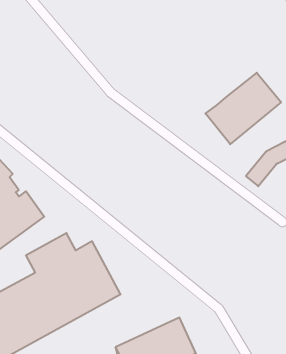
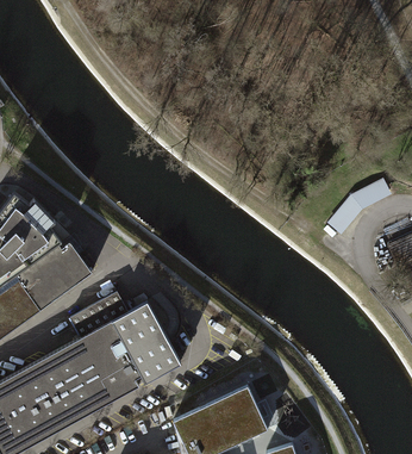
building: [205,73,281,144] -> none

